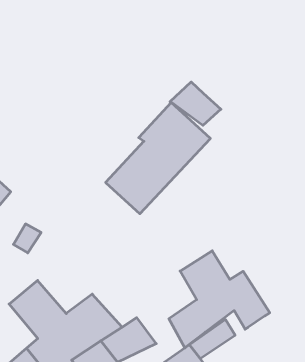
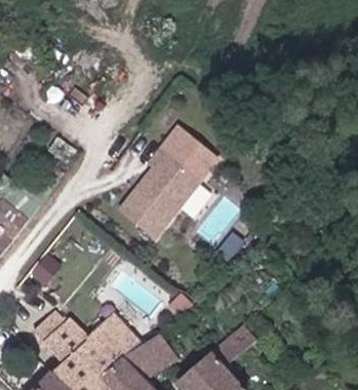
building: [170,82,221,125] -> none
building: [169,251,270,348] -> none

